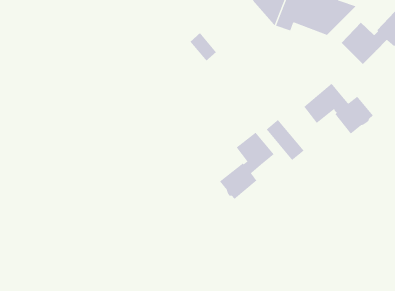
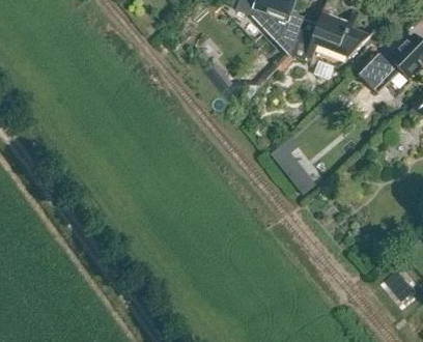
building: [303,83,374,135] -> none
building: [219,132,274,200] -> none

